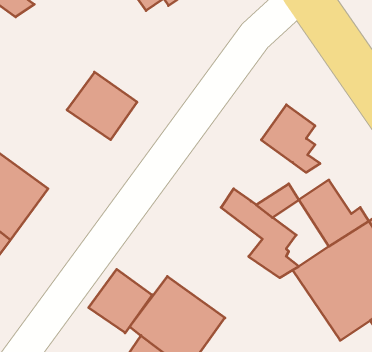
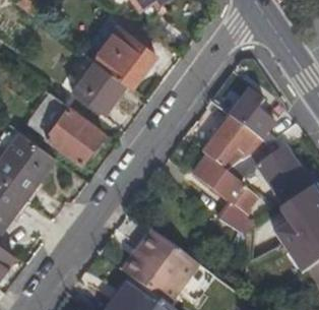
building: none -> [92,19,154,91]
building: none -> [25,92,109,164]
building: none -> [200,119,253,169]
building: [89,269,152,333] -> none

